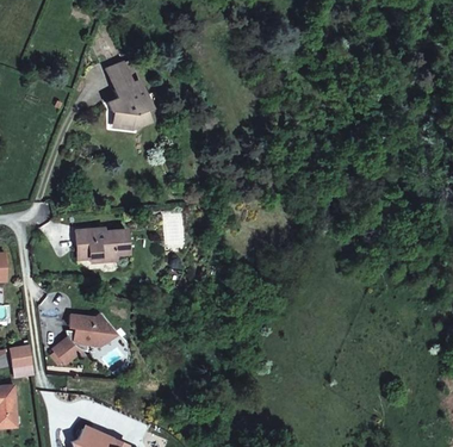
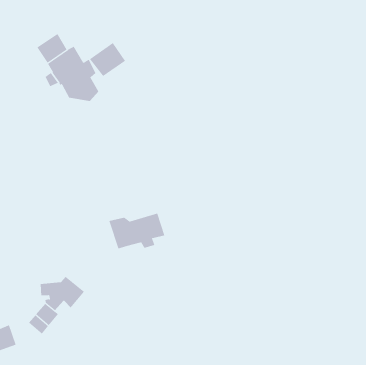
building: none -> [89,42,126,77]
building: [70,230,125,265] -> [108,213,165,249]

